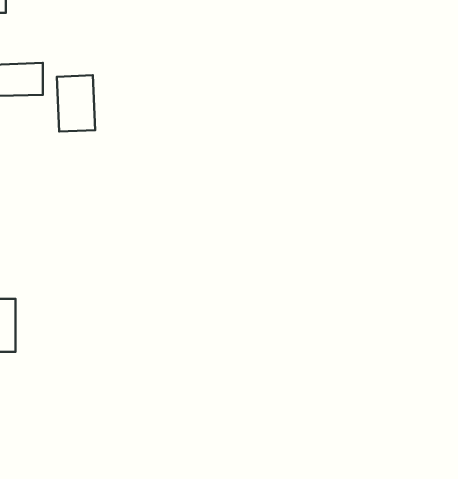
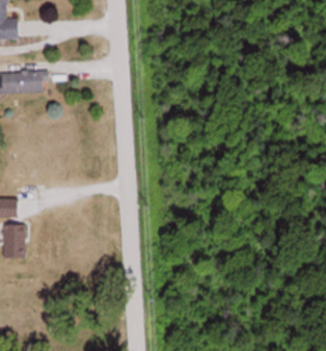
building: [57,75,95,132] -> none

